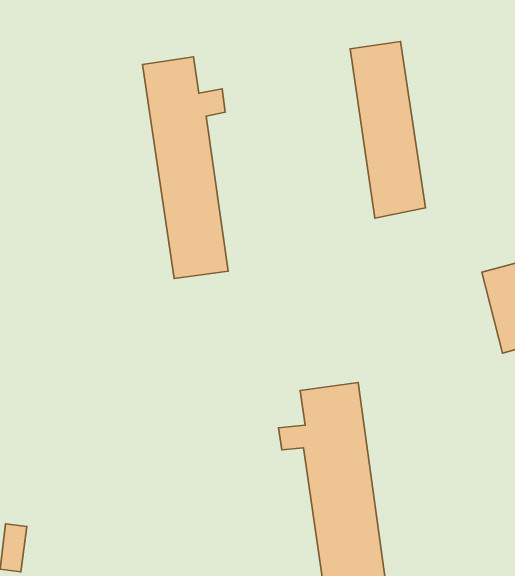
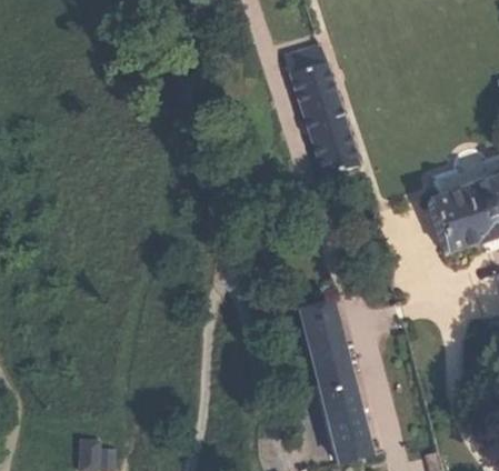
building: [143,57,228,278] -> none

